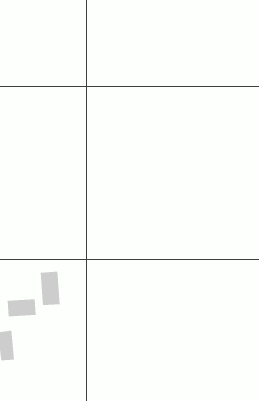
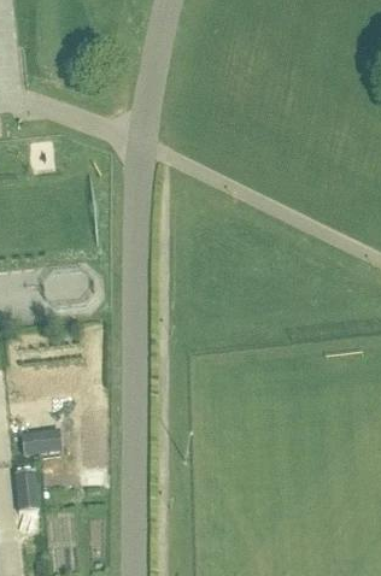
building: [40,271,60,306] -> none

